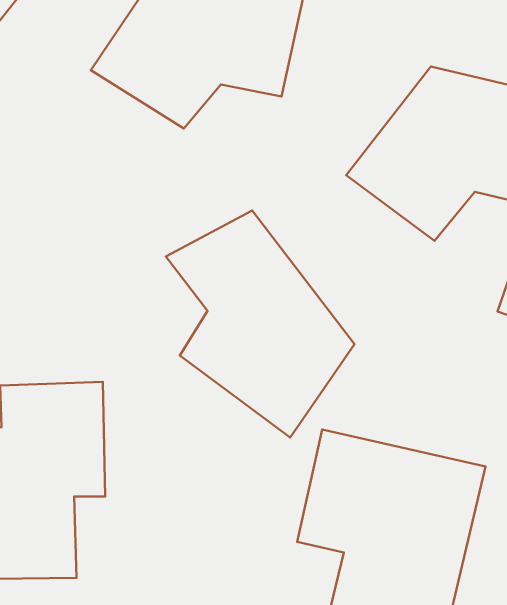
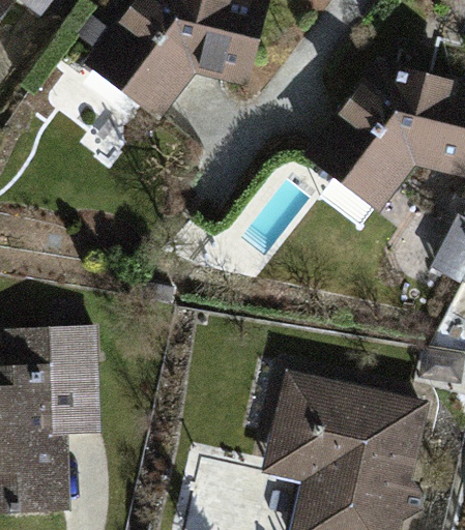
building: [166,211,355,438] -> none

